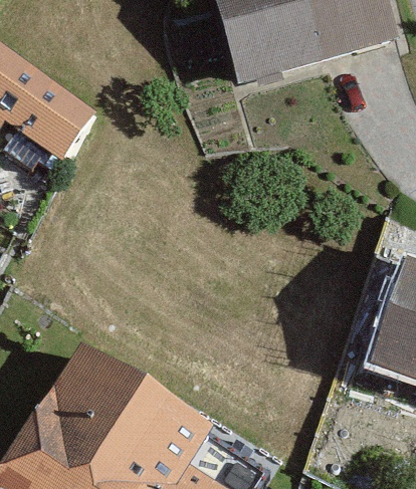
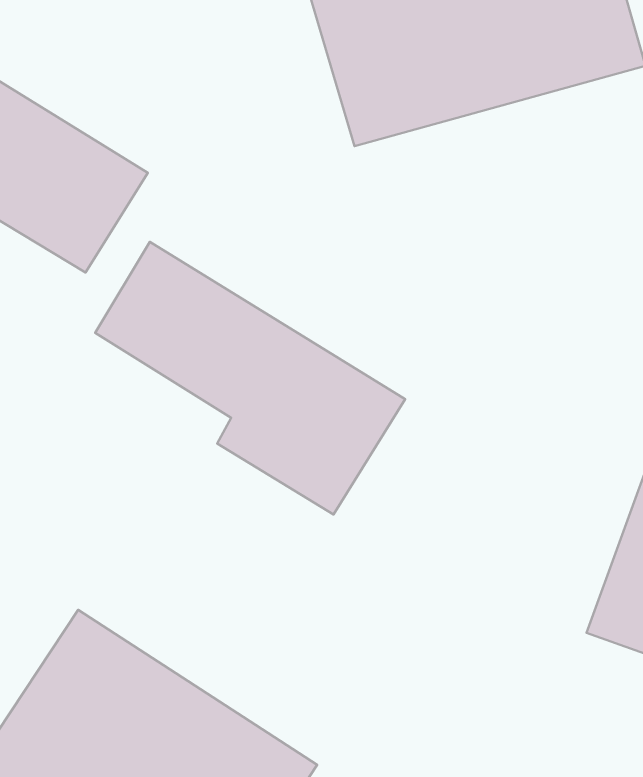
building: none -> [95,242,405,514]

